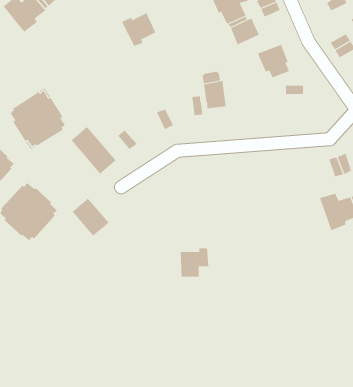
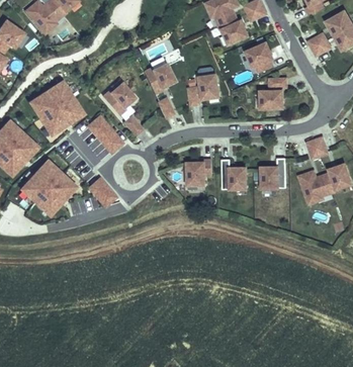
building: [121,13,156,47] -> [144,64,174,93]
building: none -> [103,83,135,115]
building: none -> [261,91,283,108]
building: none -> [262,158,286,188]
building: none -> [222,160,247,189]
building: [180,248,209,277] -> [187,160,212,185]

